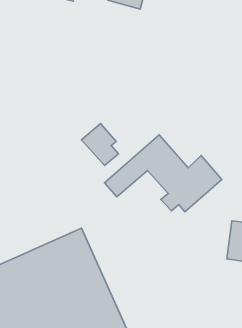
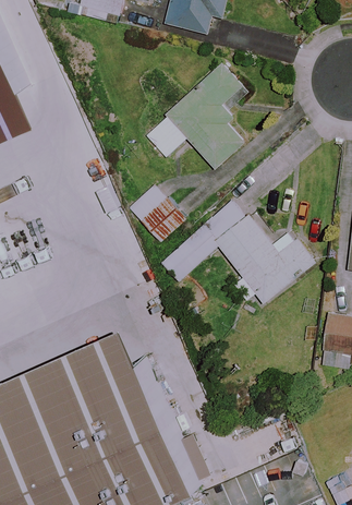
building: none -> [143,63,245,169]

